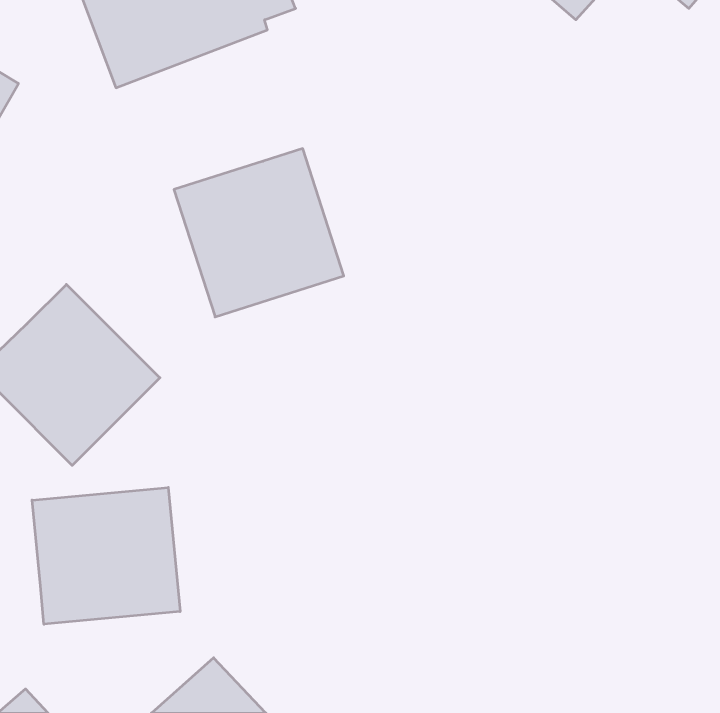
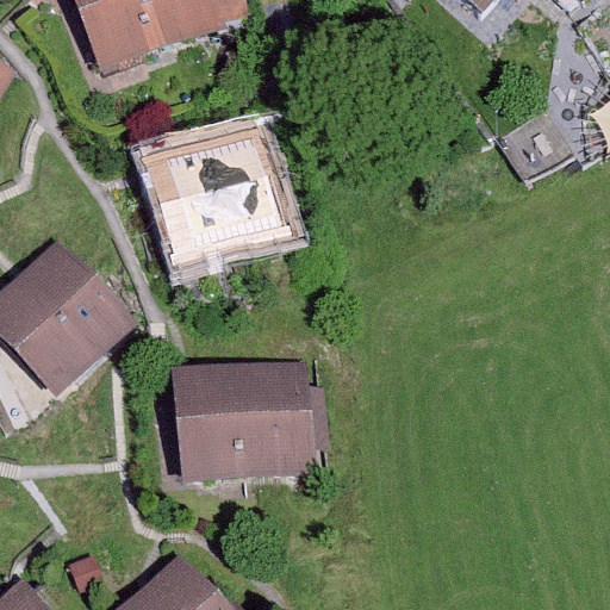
building: none -> [172,359,316,483]
building: [32,487,180,624] -> none

